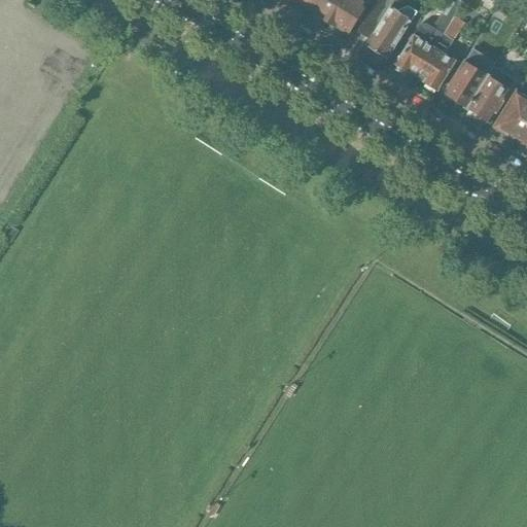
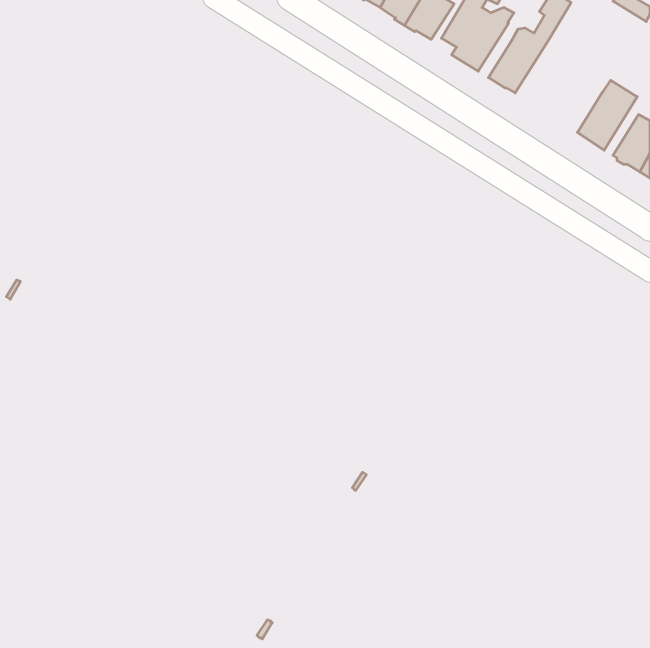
building: [417,33,456,90] -> none
building: [445,51,488,107] -> none

